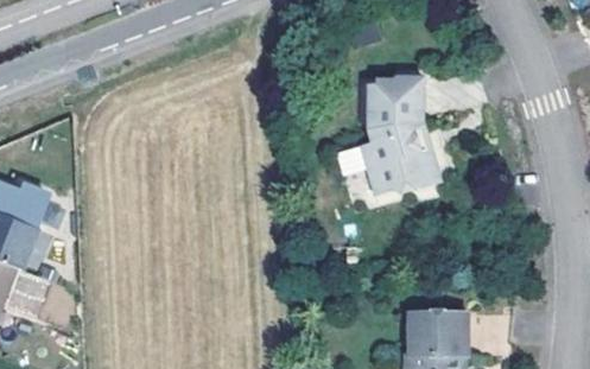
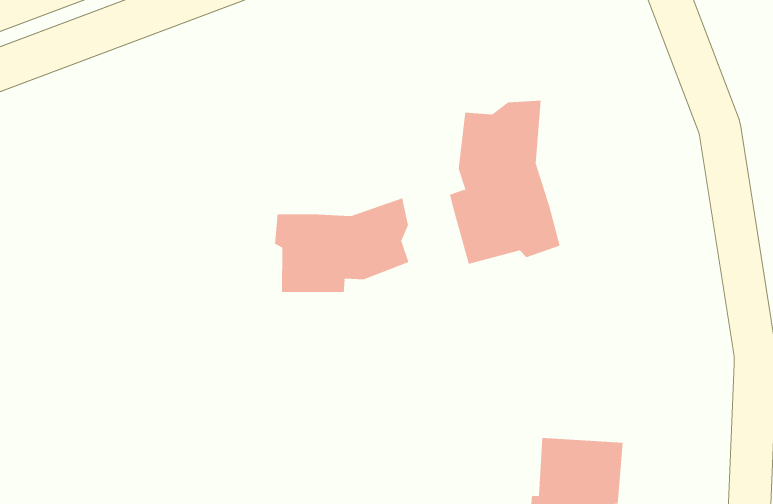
building: none -> [275,198,409,293]

